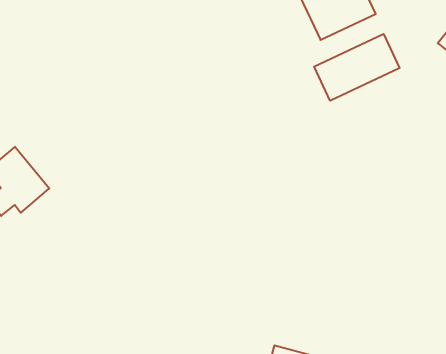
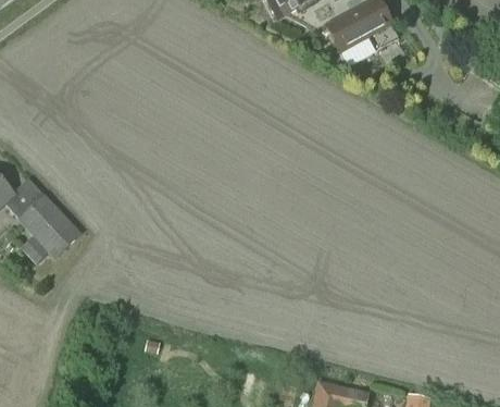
building: [314,34,400,101] -> none

